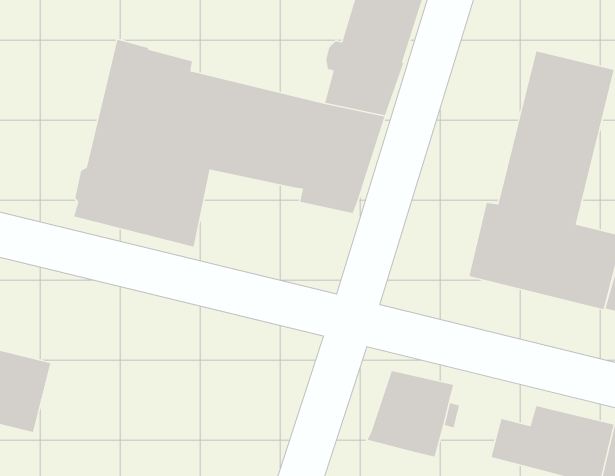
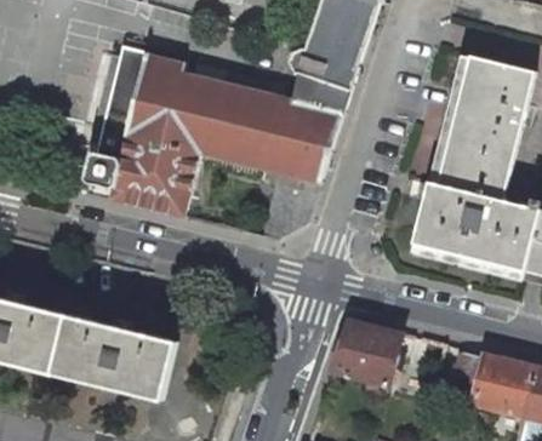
building: none -> [51,314,176,400]

